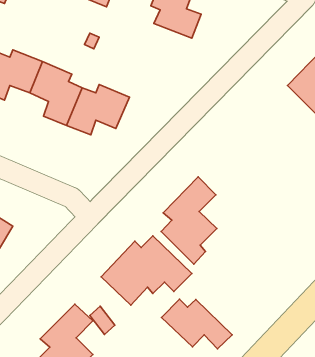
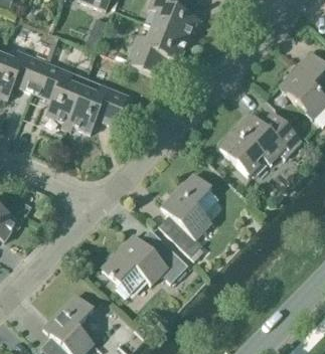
building: none -> [127,26,188,75]
building: none -> [219,112,302,176]
building: [162,299,232,349] -> none

